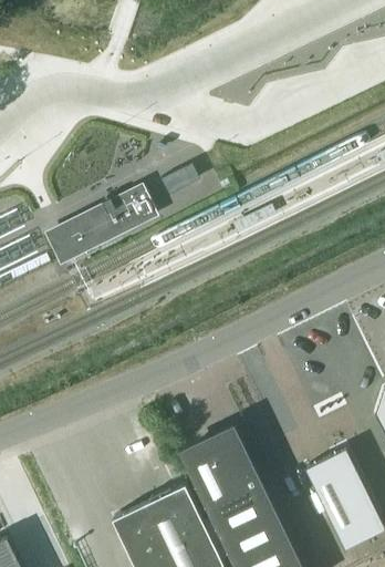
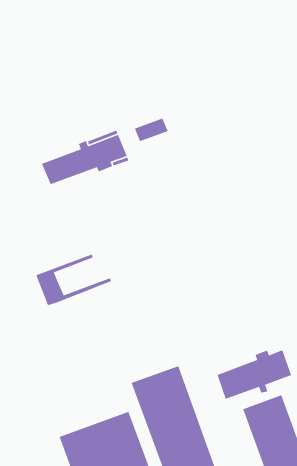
building: [44,203,127,264] -> [35,253,112,306]
building: none -> [217,349,292,400]

